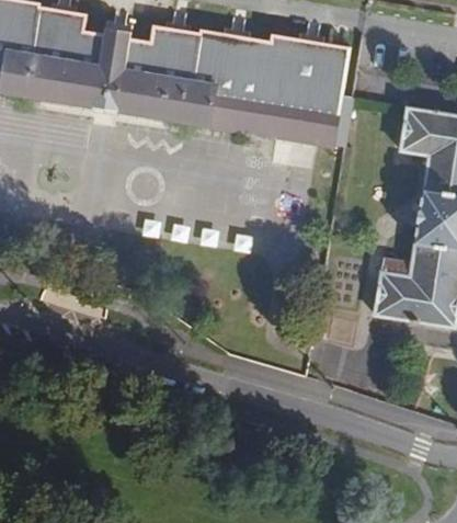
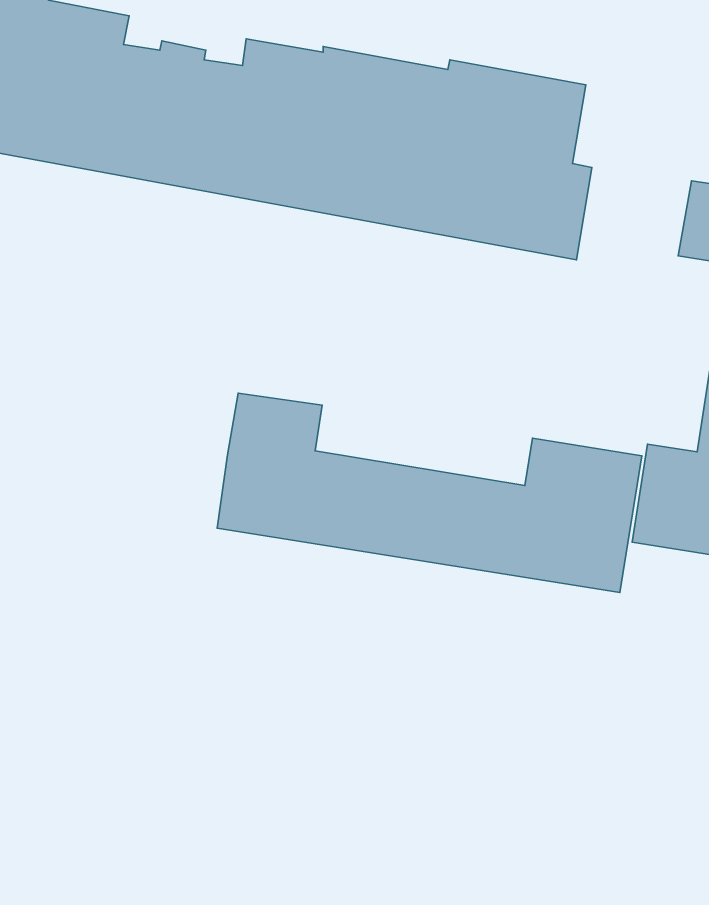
building: none -> [217,393,642,593]

